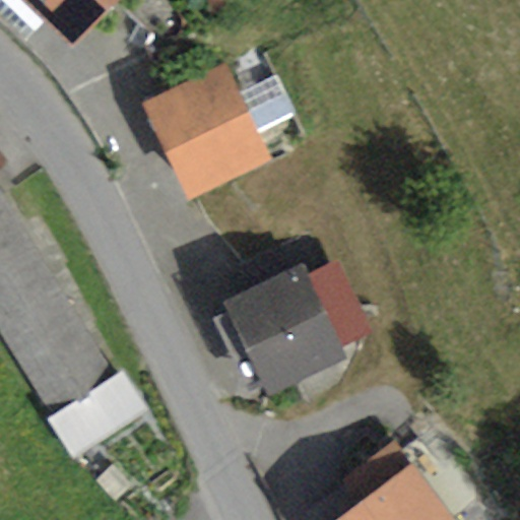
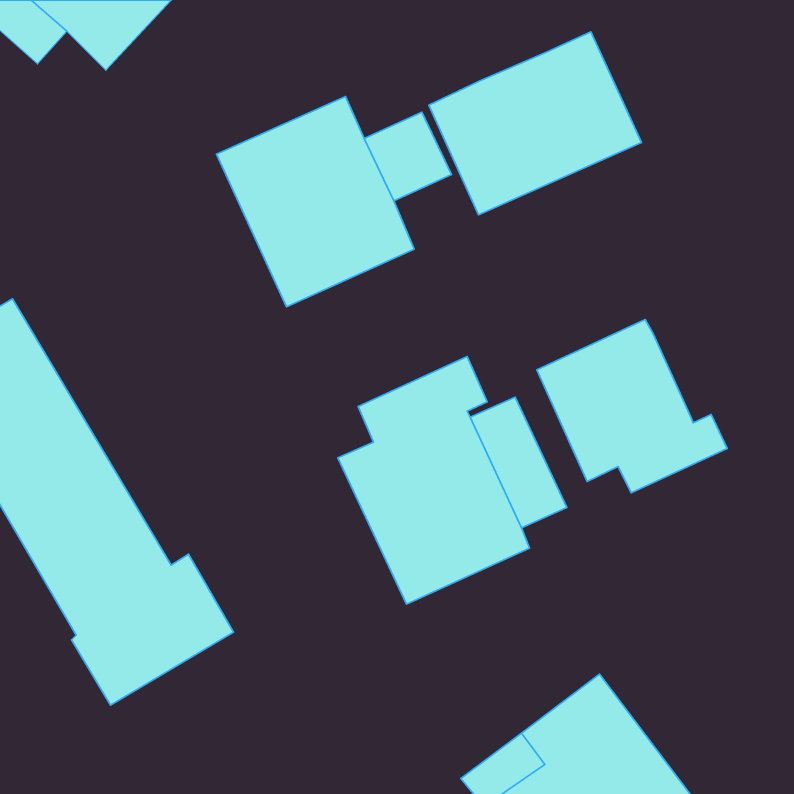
building: none -> [429,32,641,215]
building: none -> [537,319,727,493]

